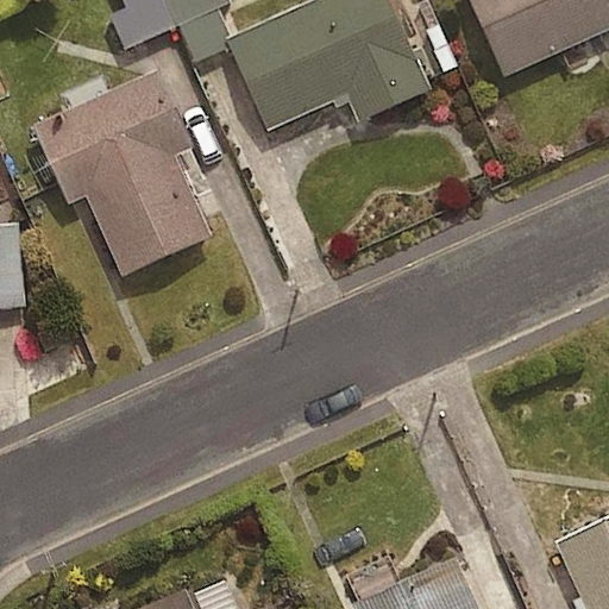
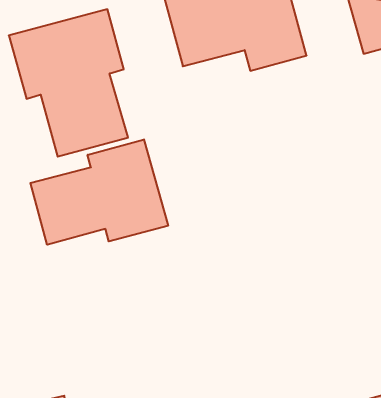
building: none -> [30,139,168,245]

